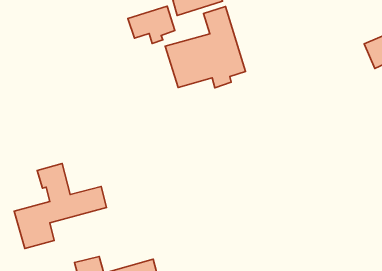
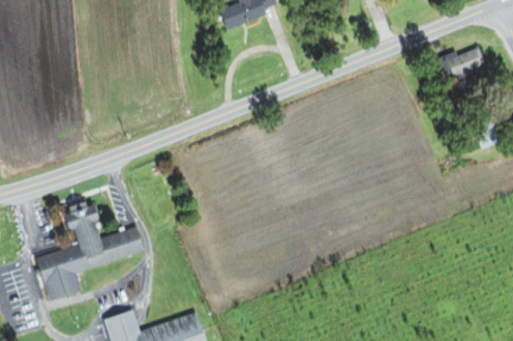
building: [128,6,175,43] -> none
building: [165,7,246,88] -> none

